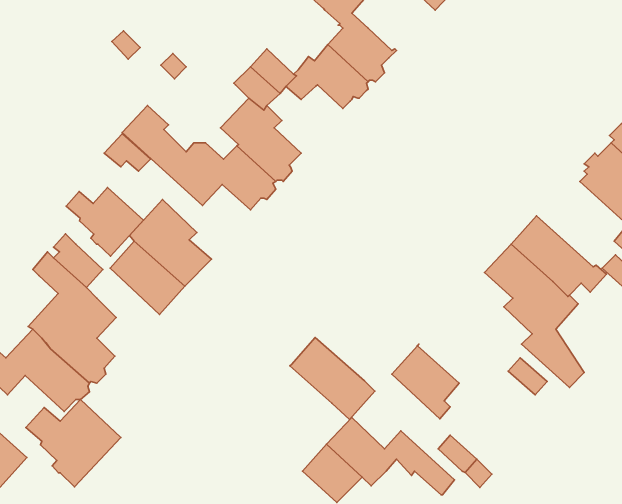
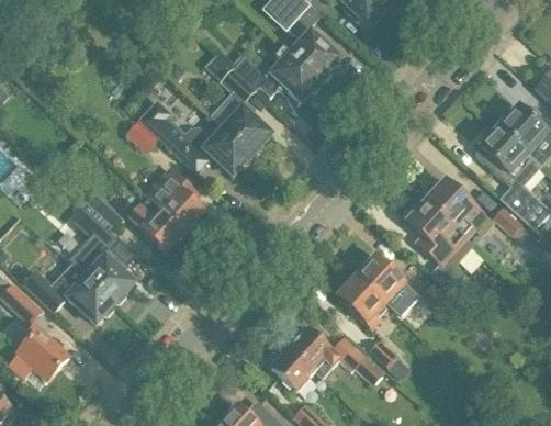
building: [66,187,143,256] -> none
building: [290,338,375,420] -> [356,254,418,314]
building: [26,399,121,487] -> none

